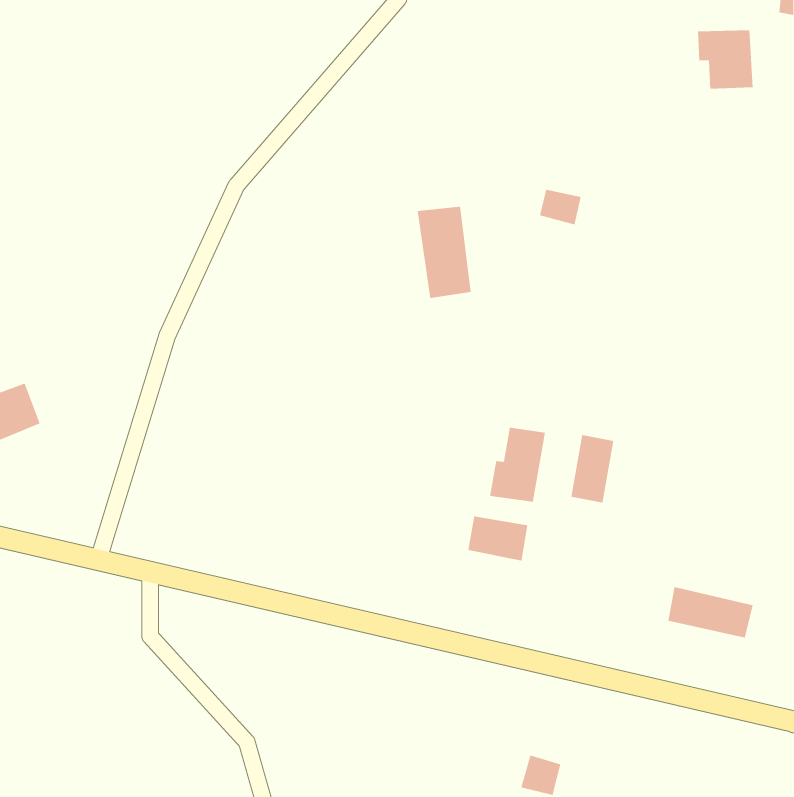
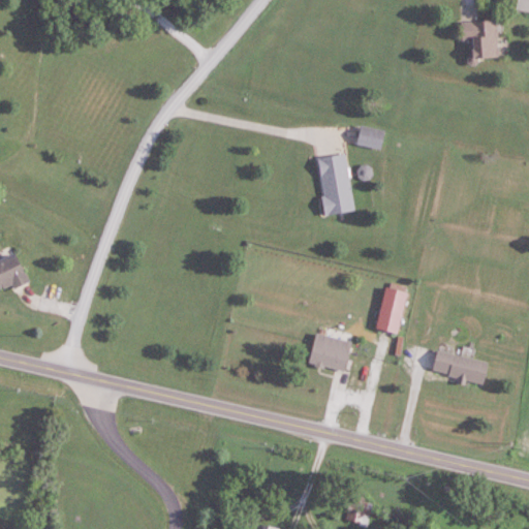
building: [417,206,472,298] -> [317,154,353,215]
building: [490,427,545,503] -> none
building: [667,586,753,638] -> [433,349,490,383]

